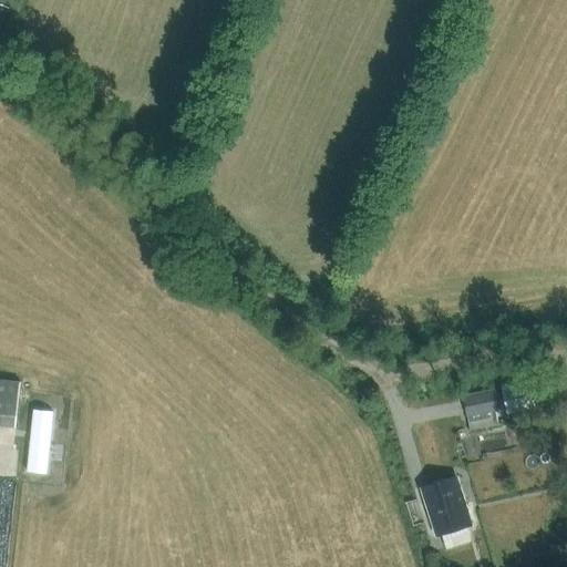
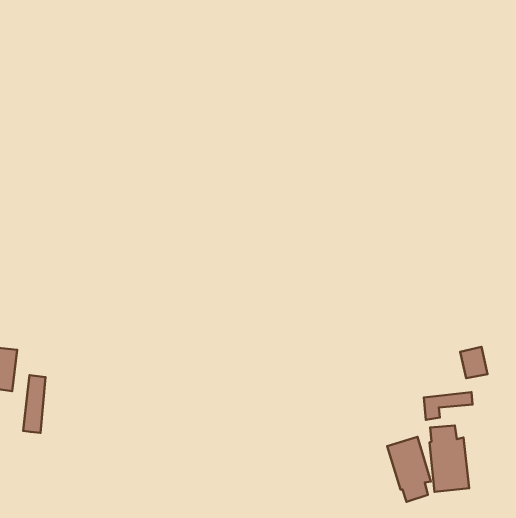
building: [460,389,498,416] -> none
building: none -> [429,426,469,492]

